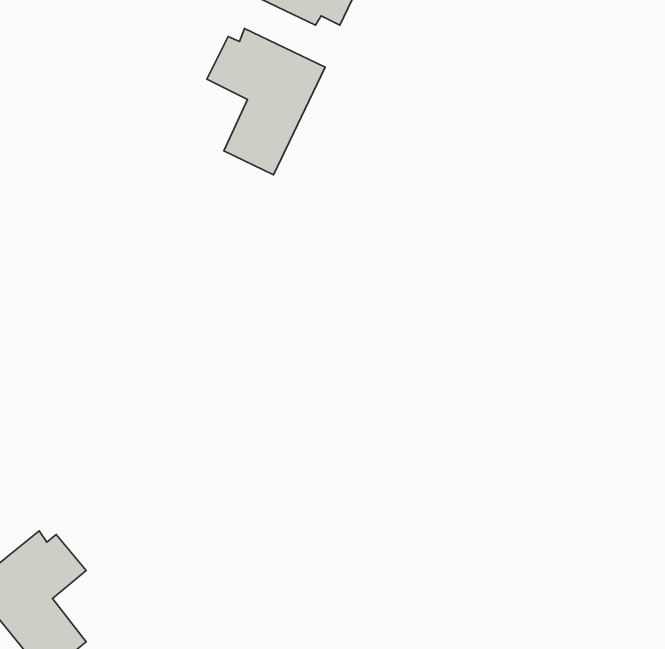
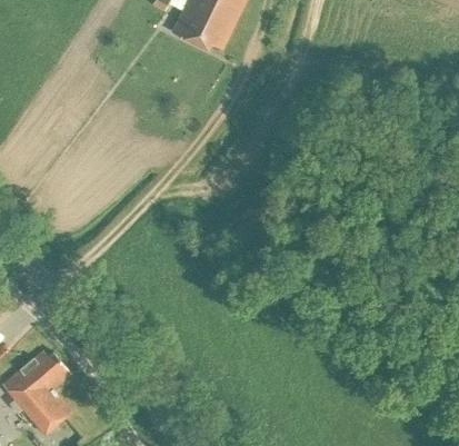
building: [207,29,325,175] -> none

